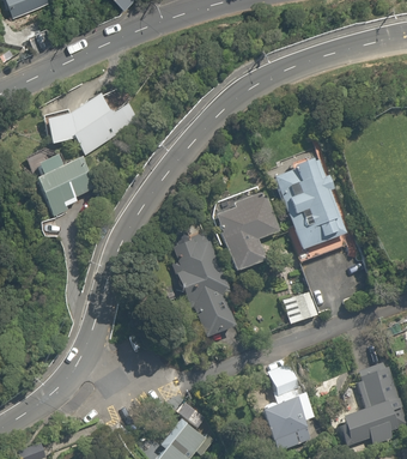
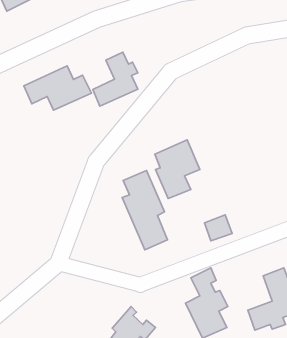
building: none -> [93,52,138,106]
building: [29,150,93,213] -> none
building: [278,156,351,261] -> none

